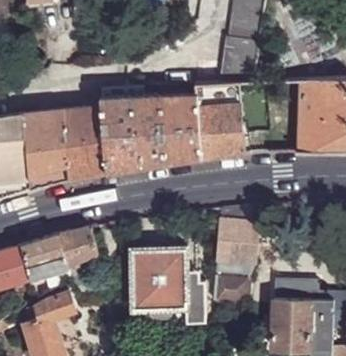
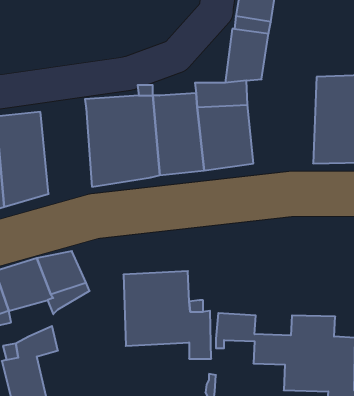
building: [61,107,105,180] -> none
building: [214,223,255,265] -> none

